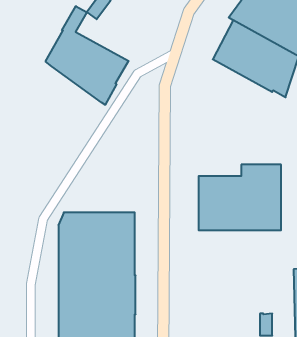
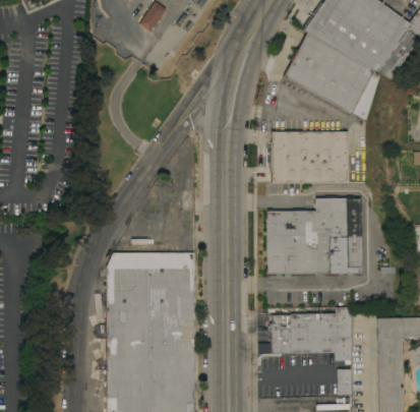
building: [46,6,129,105] -> none
building: none -> [271,131,348,182]
building: none -> [271,306,351,360]

